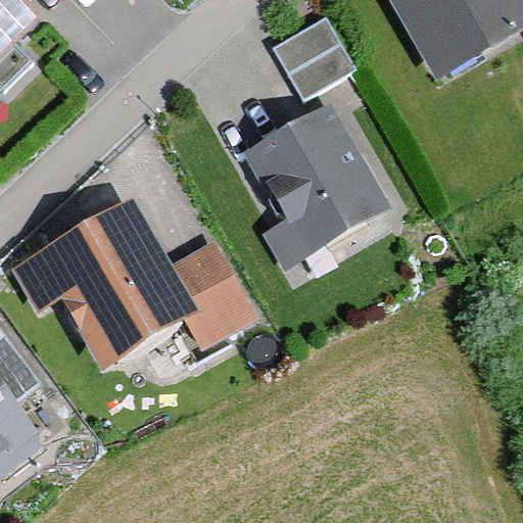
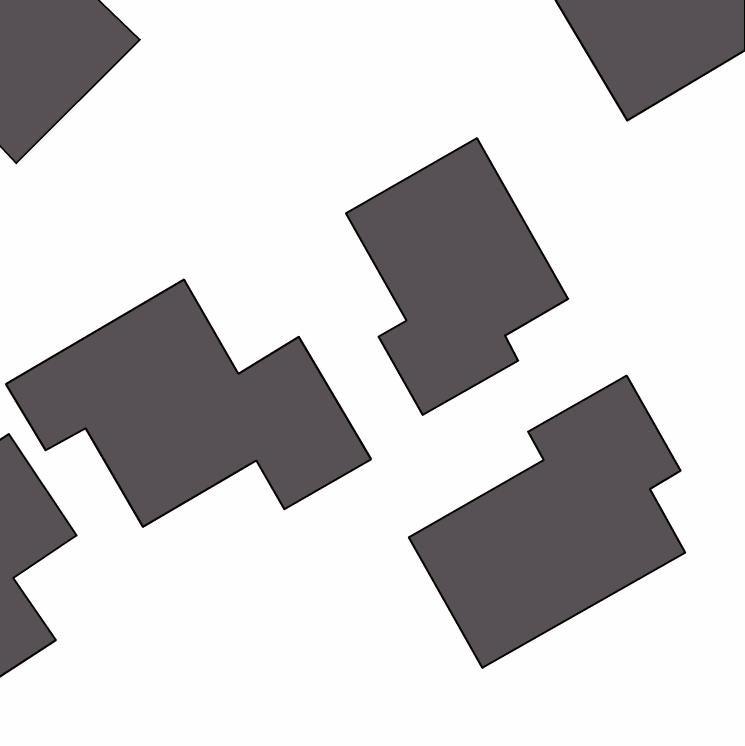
building: [274,14,358,99] -> none
building: none -> [409,376,685,668]

